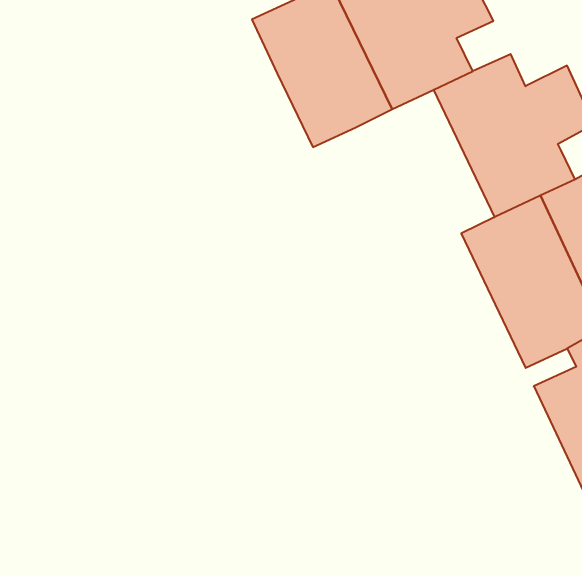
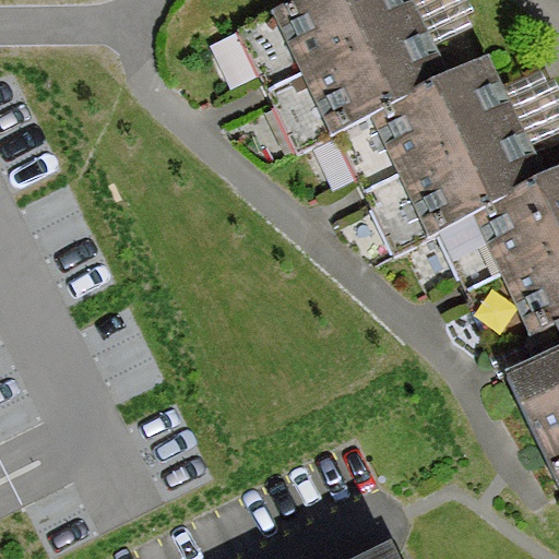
building: none -> [343,85,475,242]

